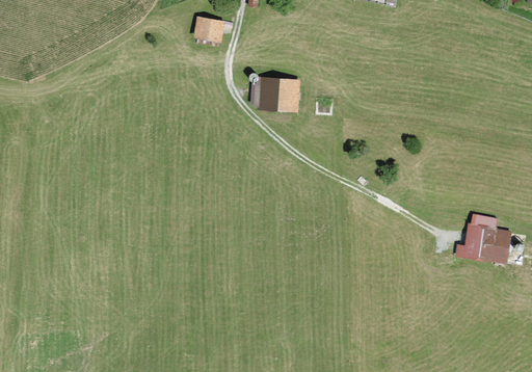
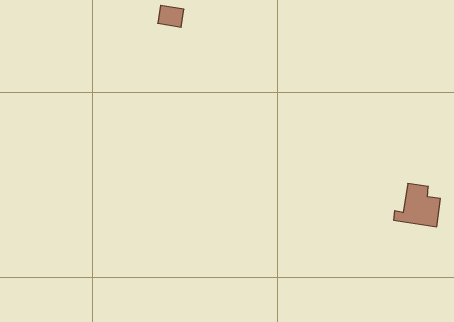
building: [252,78,299,110] -> none

